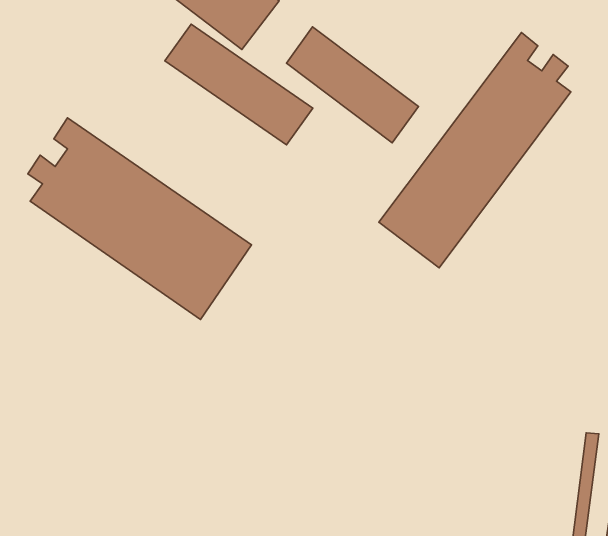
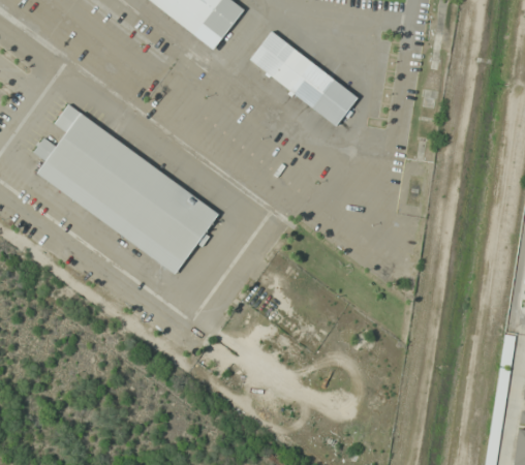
building: [165,24,313,145] -> none
building: [379,33,571,268] -> none

